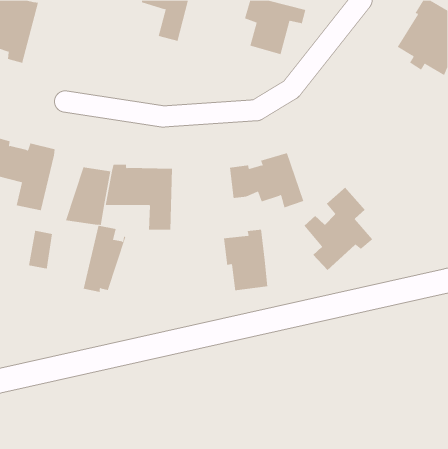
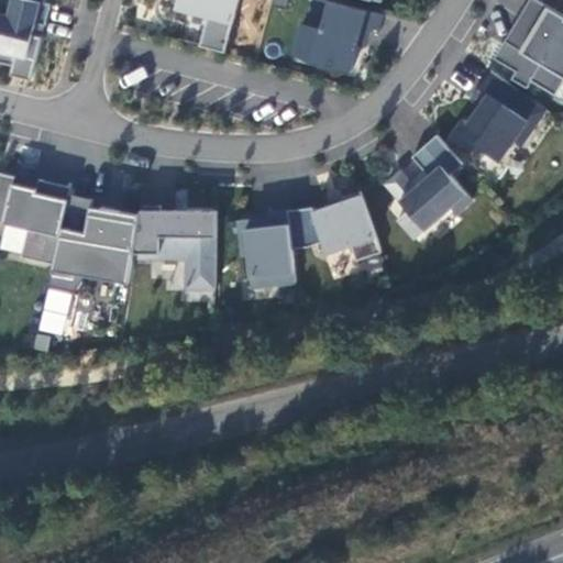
building: none -> [465,73,544,162]
building: [304,187,373,271] -> [384,136,471,241]
building: [83,225,126,292] -> [49,196,103,279]
building: [223,229,268,291] -> [238,211,294,288]

